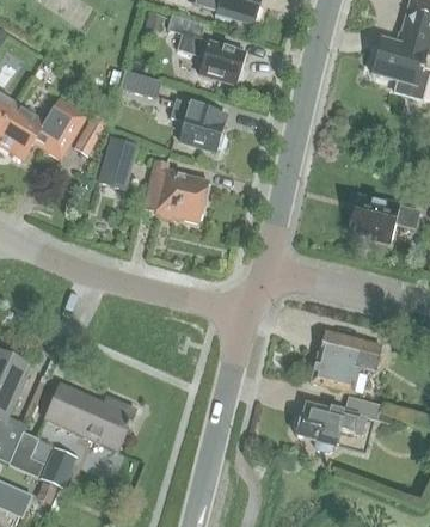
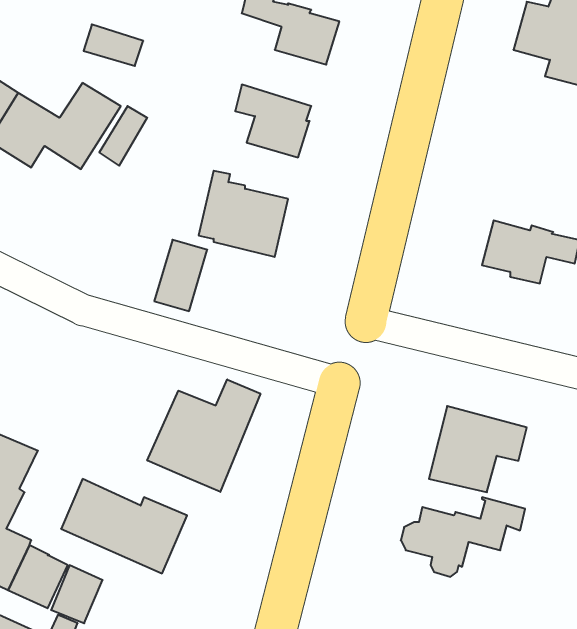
building: [117,68,160,98] -> [84,24,143,66]
building: [99,137,137,189] -> [154,240,207,311]
building: none -> [147,379,260,492]

